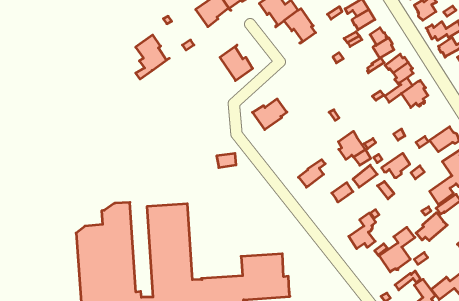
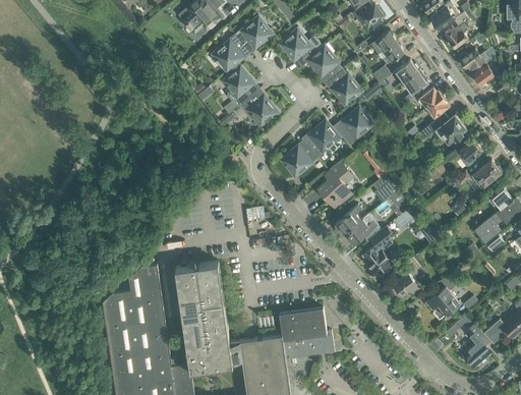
building: none -> [326,70,361,106]
building: [136,35,169,79] -> [222,66,258,114]
building: none -> [335,107,372,144]
building: none -> [301,121,339,157]
building: none -> [319,162,352,208]
building: [382,153,410,178] -> [451,139,480,166]
building: none -> [344,219,377,244]
building: none -> [362,245,393,276]
building: [416,213,447,241] -> none

